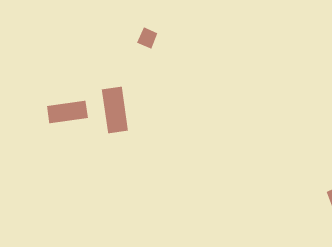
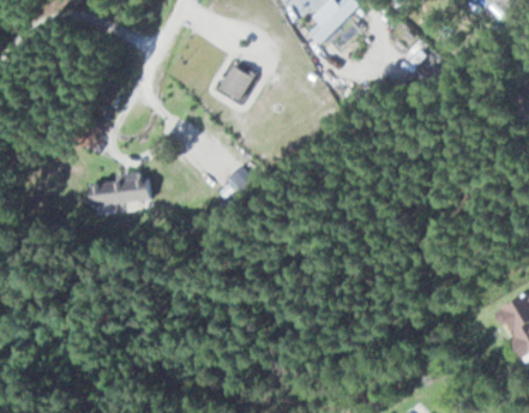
building: [101,86,129,134] -> none

